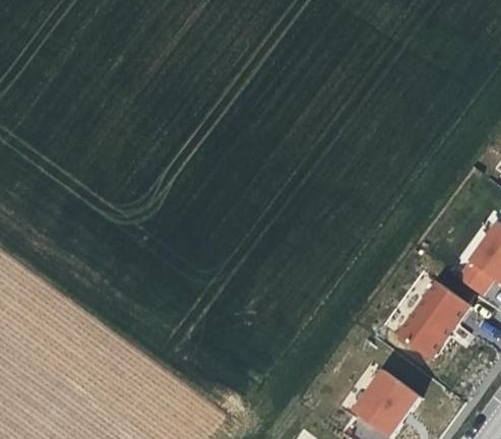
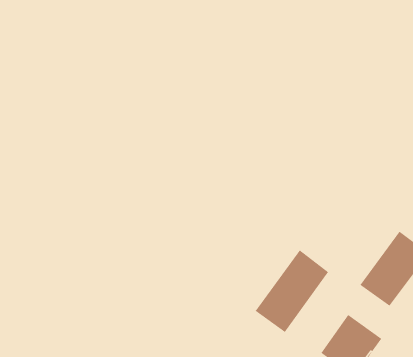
building: none -> [255,250,329,333]

